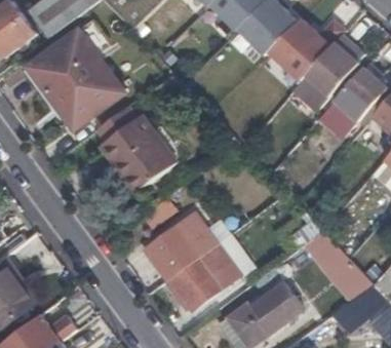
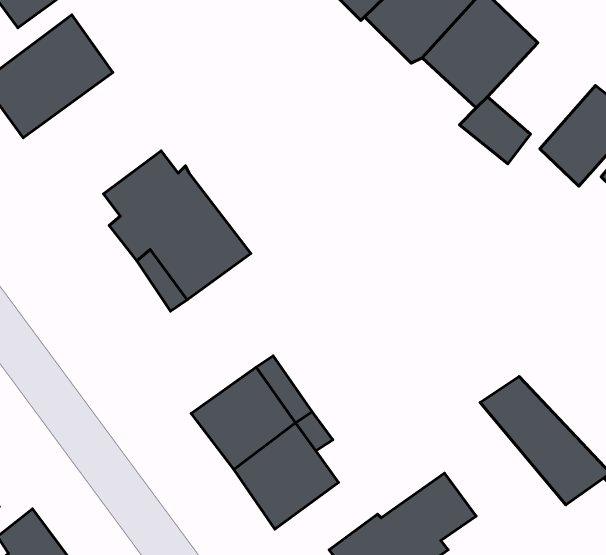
building: [306,42,359,95] -> none
building: [50,62,121,127] -> none

